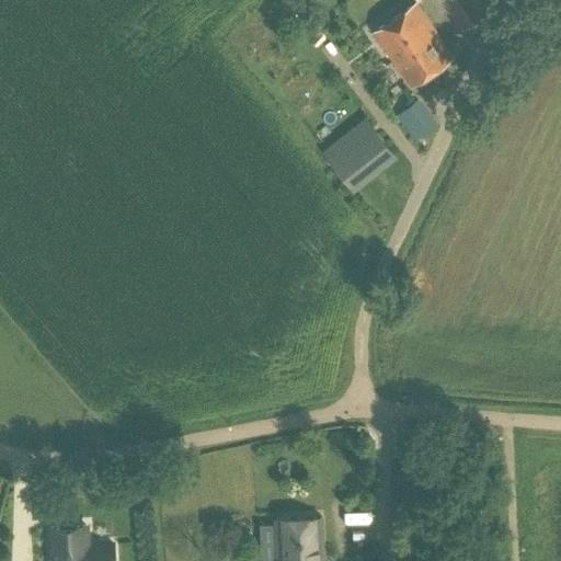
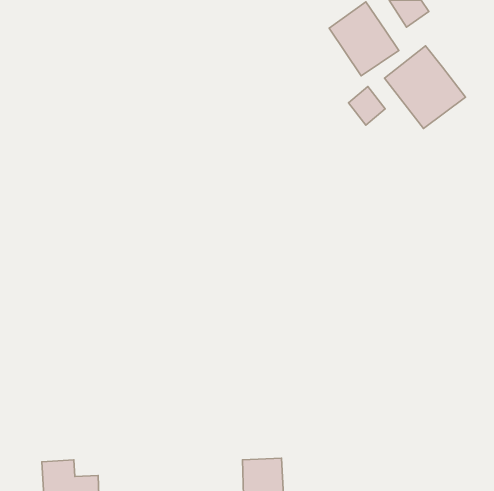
building: none -> [384,46,466,128]
building: [327,116,399,187] -> none

